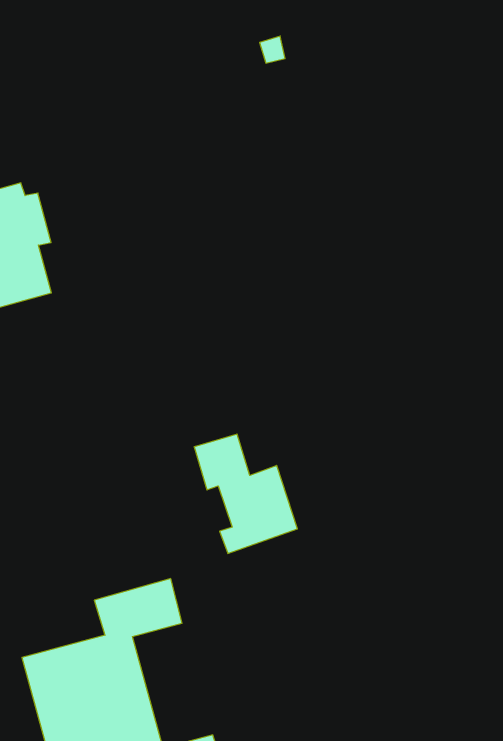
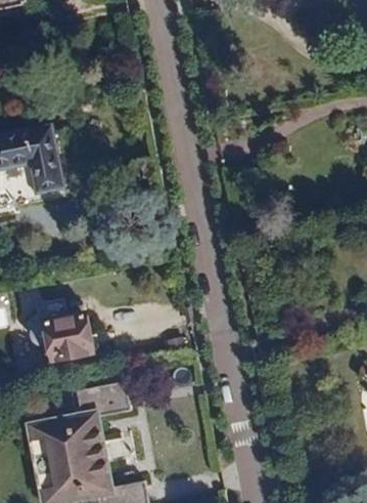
building: [194,434,297,553] -> [31,285,92,360]

